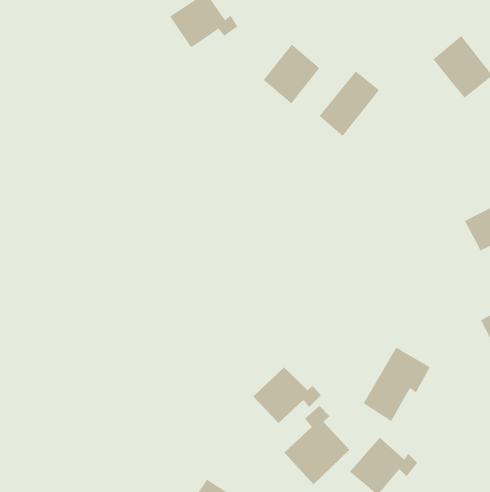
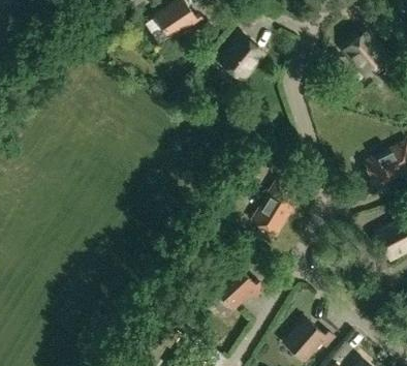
building: [319,71,380,137] -> none
building: [363,347,430,422] -> [254,182,303,236]
building: [283,405,350,485] -> none

